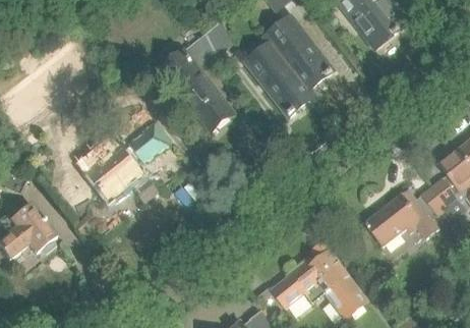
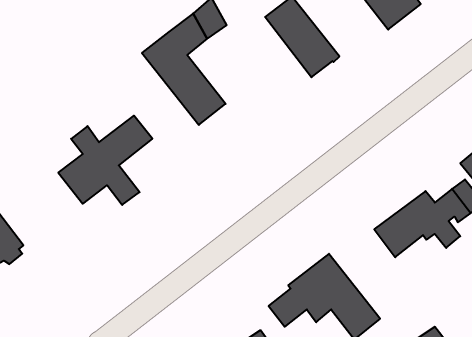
building: [248,36,313,115] -> none

